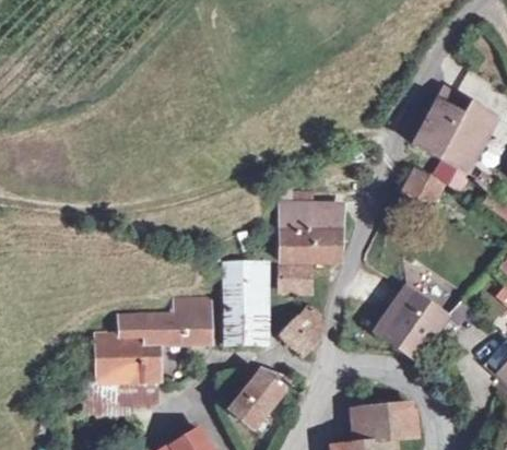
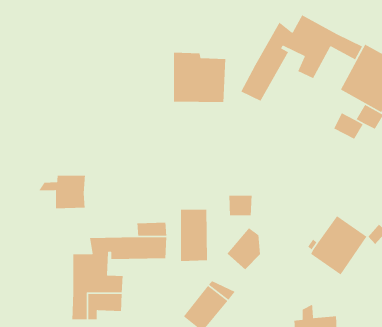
building: none -> [240,14,363,102]
building: [280,201,342,261] -> [173,52,226,103]
building: none -> [38,175,86,209]
building: [225,264,266,343] -> none

